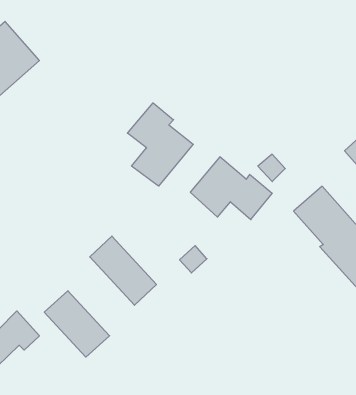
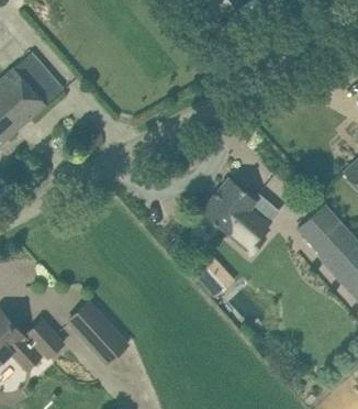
building: [127,103,193,186] -> none
building: [90,236,156,305] -> none

